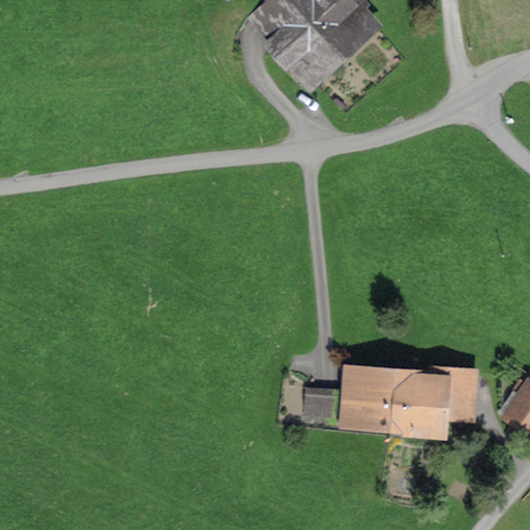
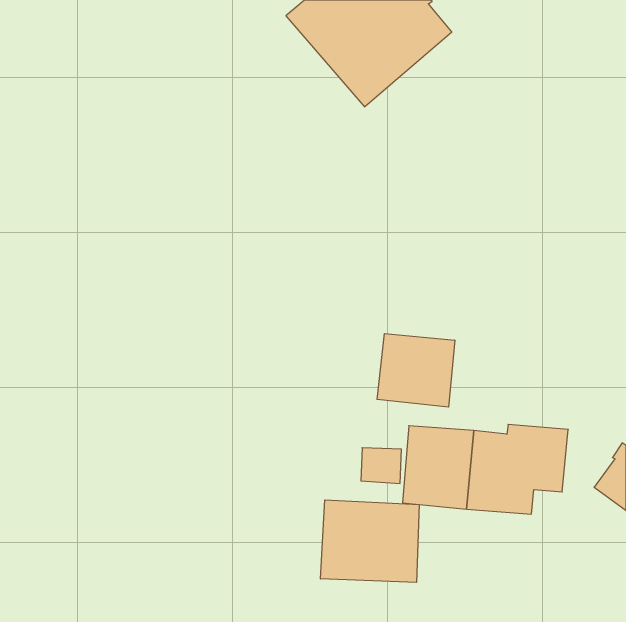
building: none -> [377,334,455,407]
building: none -> [321,500,419,582]

